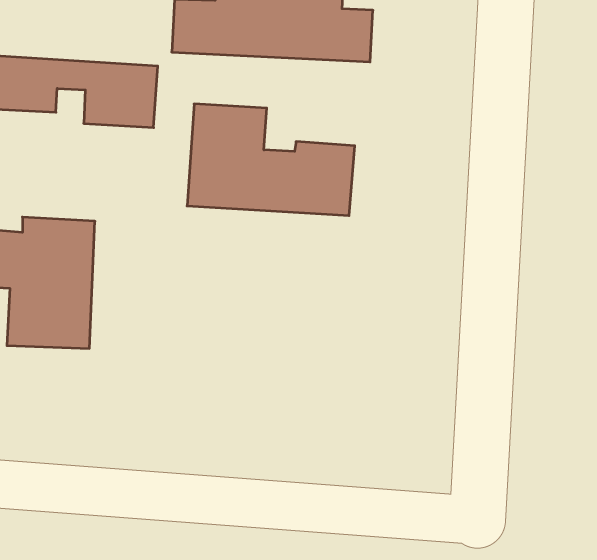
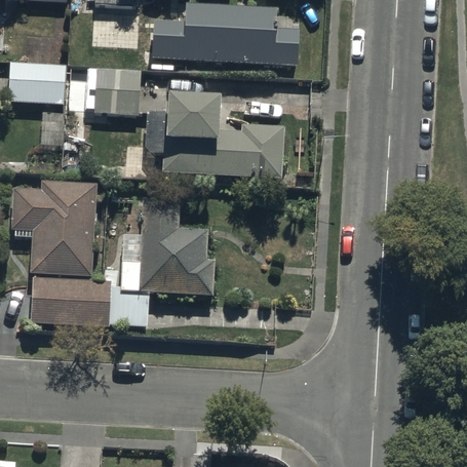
building: none -> [29,198,216,326]

